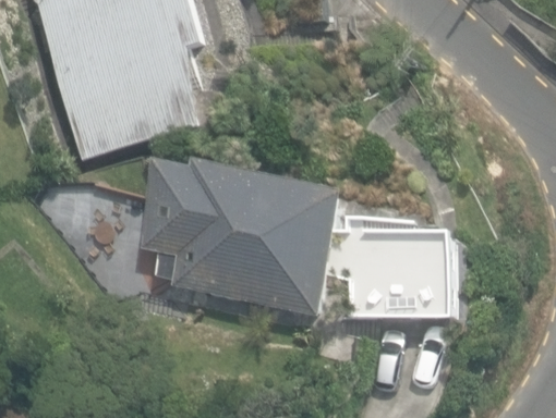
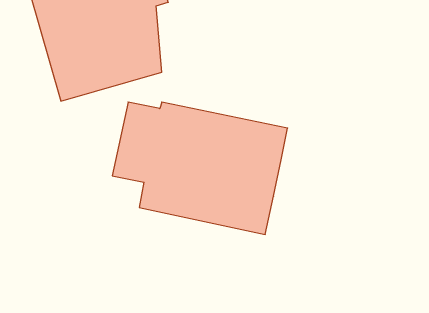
building: [328,225,457,315] -> none

